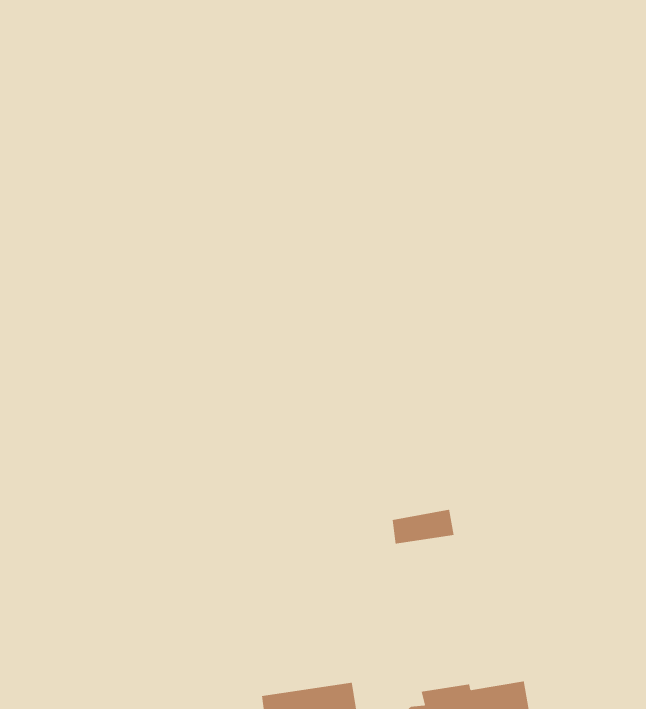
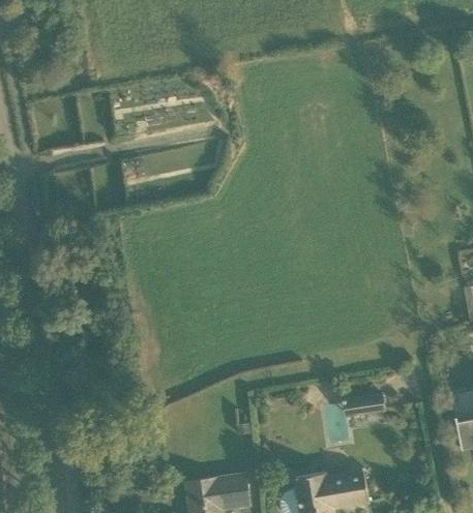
building: [392,509,454,544] -> [343,393,385,417]

